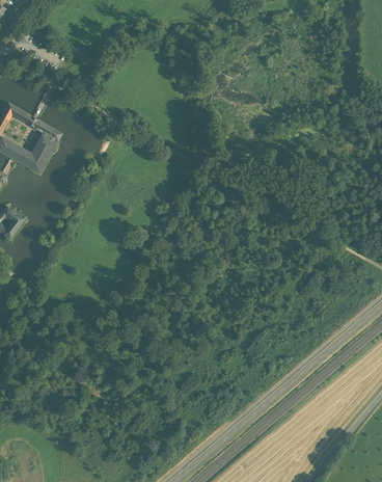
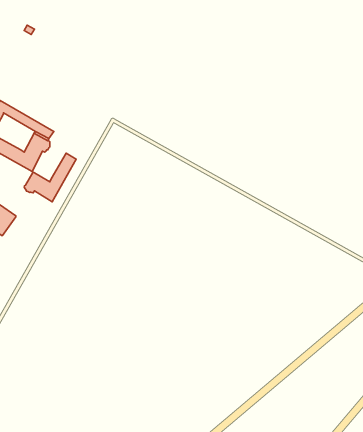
building: none -> [24,153,76,202]

